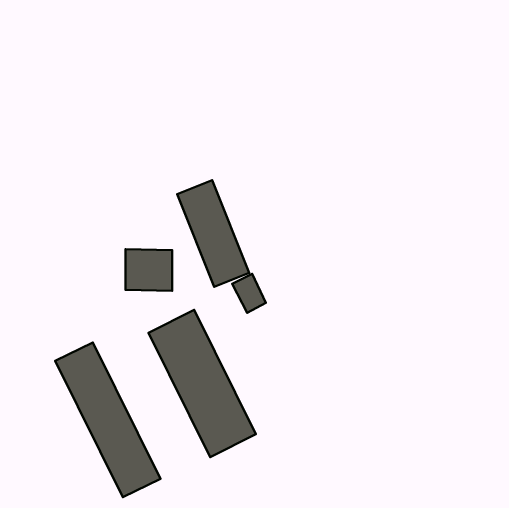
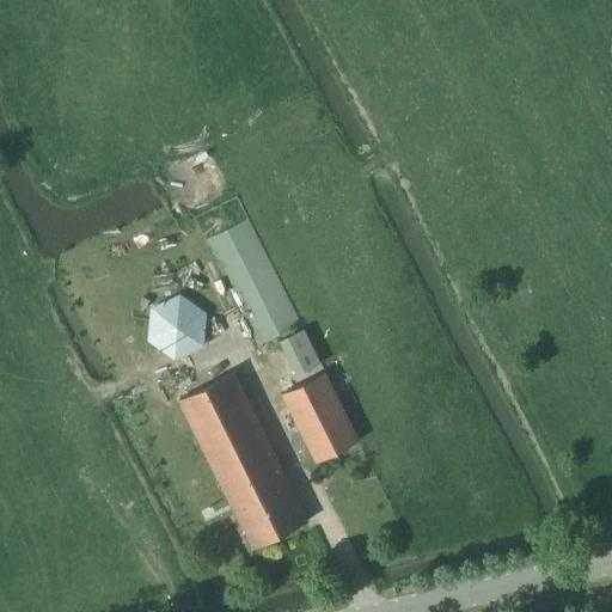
building: none -> [281,373,359,463]
building: [55,342,160,497] -> none

